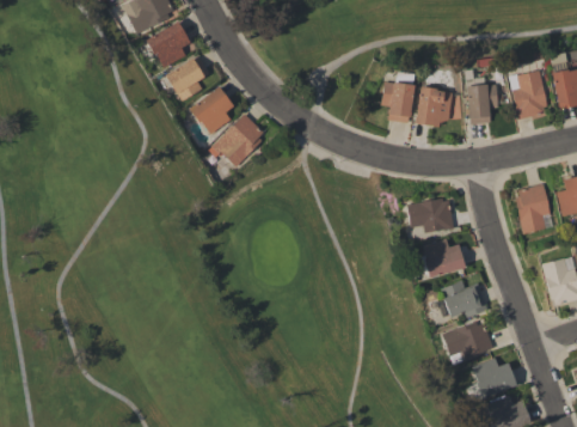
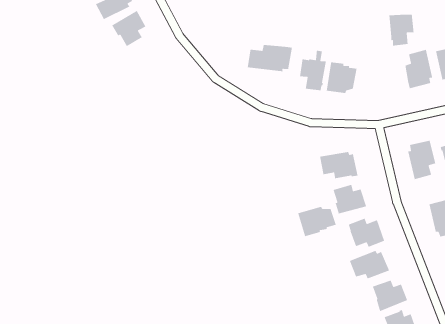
building: [166,56,210,100] -> none
building: none -> [247,44,293,72]
building: [466,84,498,124] -> [388,14,414,46]
building: [190,85,234,134] -> none
building: [214,112,265,166] -> none
building: none -> [297,206,337,237]

